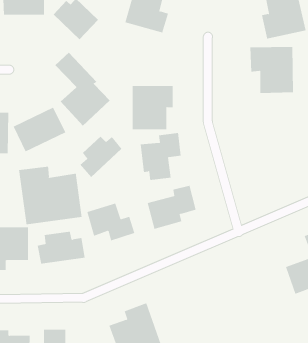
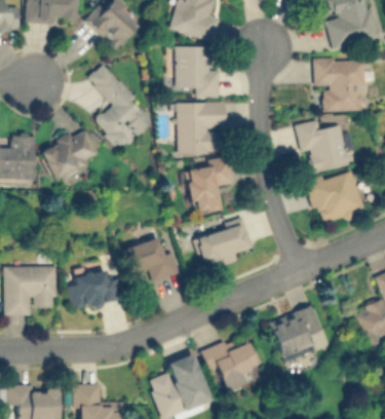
building: none -> [176,46,219,97]
building: none -> [295,120,350,174]
building: [80,136,122,178] -> none
building: none -> [306,170,364,225]
building: [18,166,82,225] -> none
building: none -> [269,305,323,357]
building: none -> [201,341,261,391]

